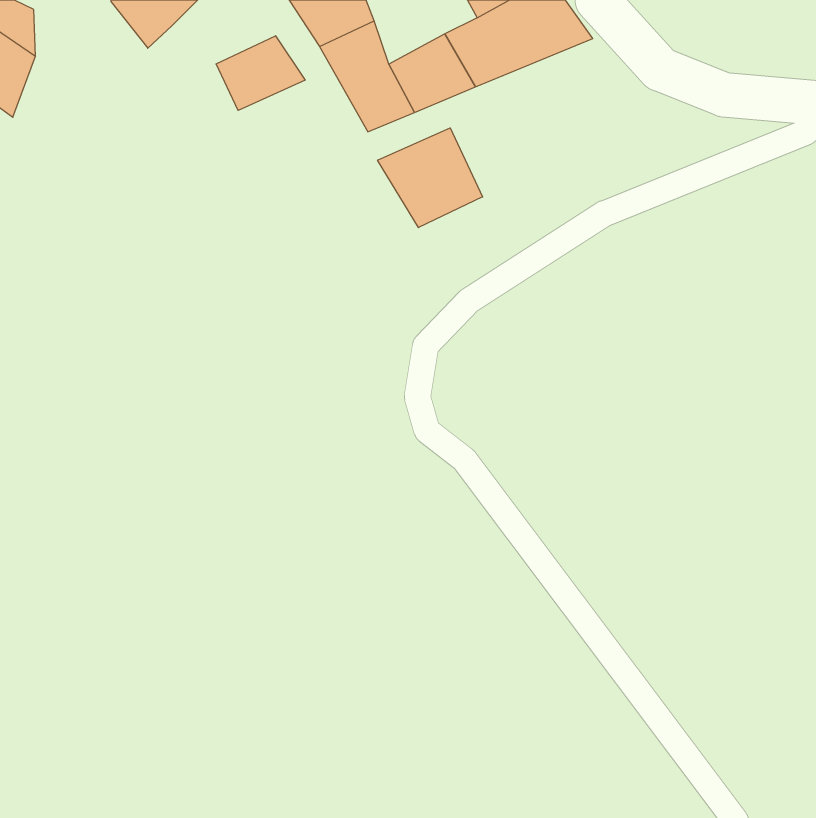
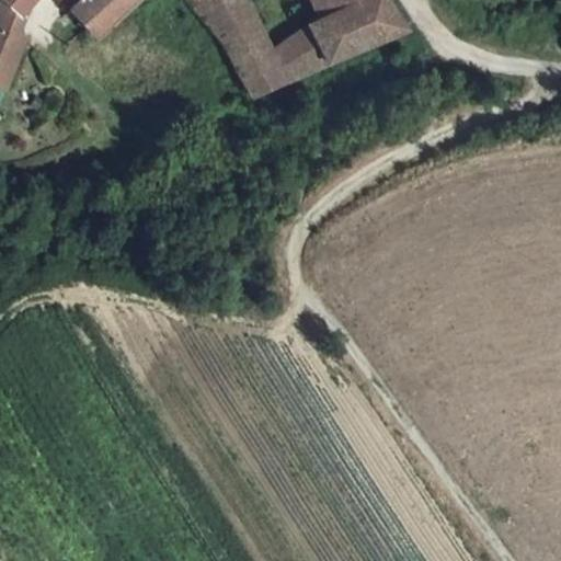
building: [216,36,305,110] -> none
building: [378,128,483,228] -> none

